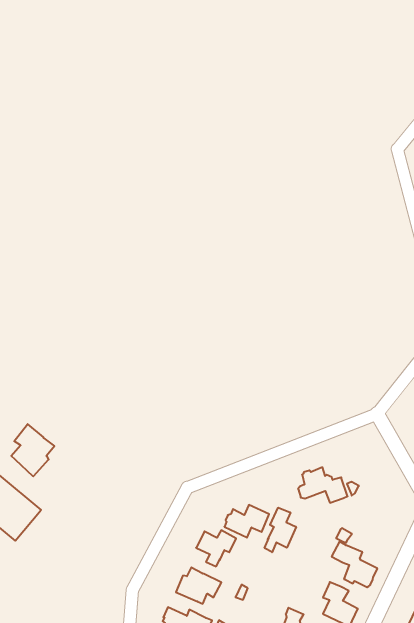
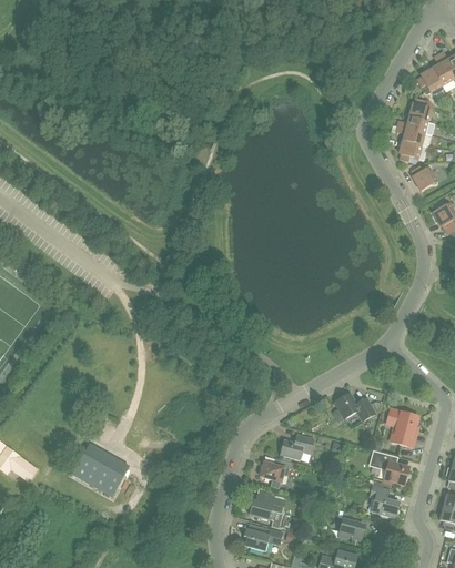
building: [11,424,54,476] -> none
building: none -> [388,409,418,446]
building: [265,508,296,552] -> none

